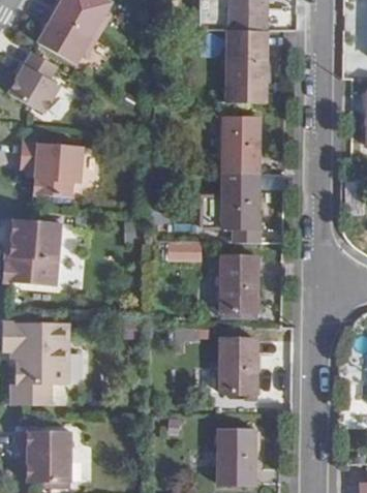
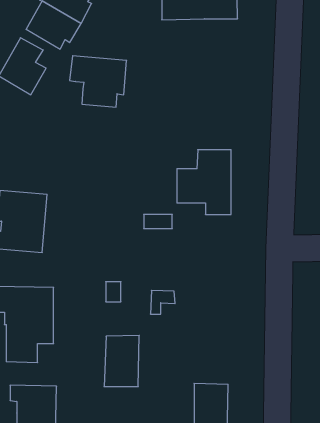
building: [231,30,267,102] -> none
building: [208,117,261,174] -> none
building: [19,141,81,196] -> [70,56,127,107]
building: [221,255,258,311] -> none
building: [219,337,257,393] -> [104,335,139,387]

